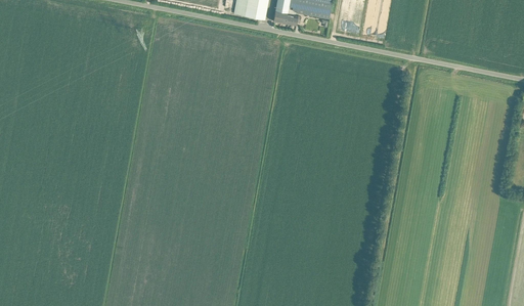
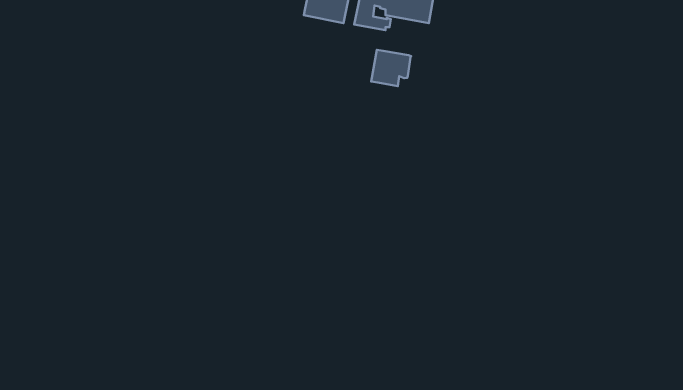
building: none -> [371,50,411,86]

